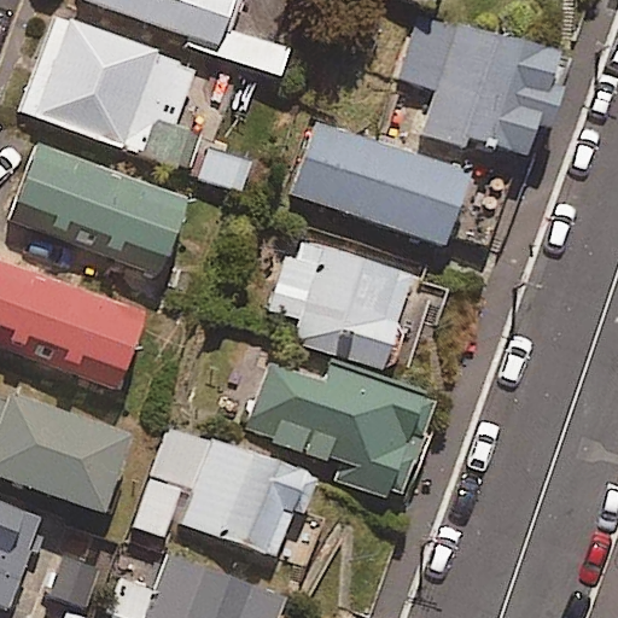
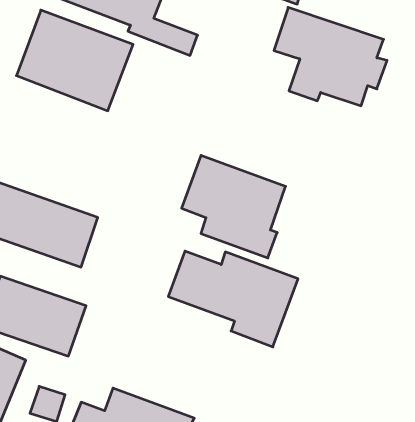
building: [291,123,467,245] -> none
building: [12,146,187,272] -> none
building: [134,425,317,555] -> none

